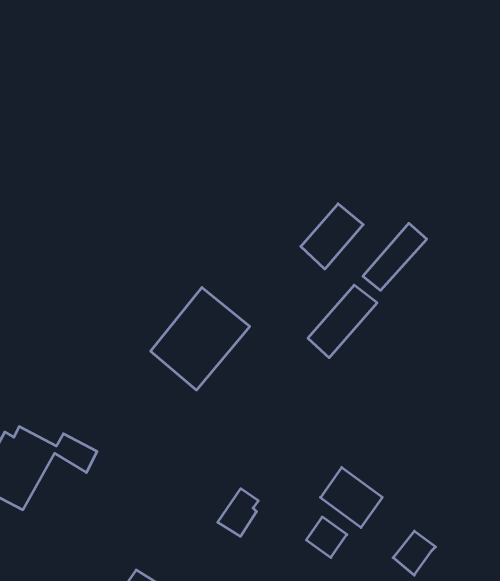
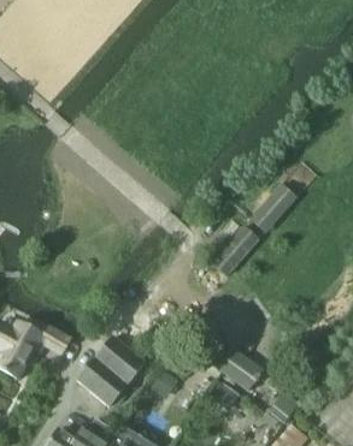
building: [301,204,363,269] -> none
building: [151,287,250,390] -> [78,335,146,405]

